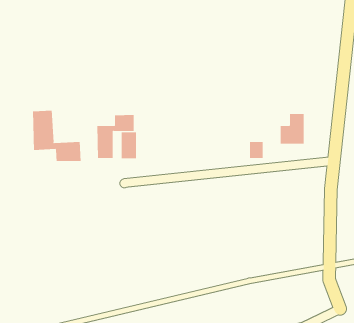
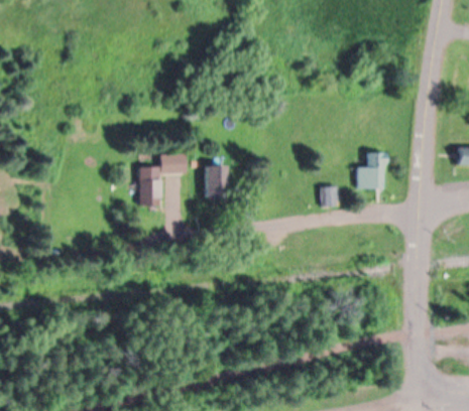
building: [32,110,81,162] -> none
building: [121,132,137,159] -> [205,166,224,198]

